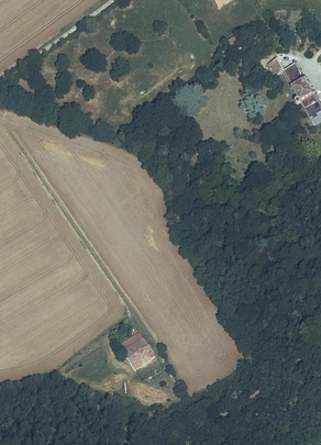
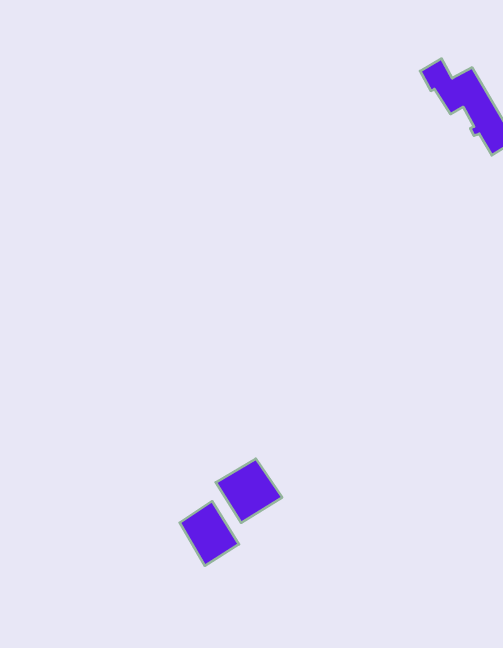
building: none -> [216,459,282,523]

